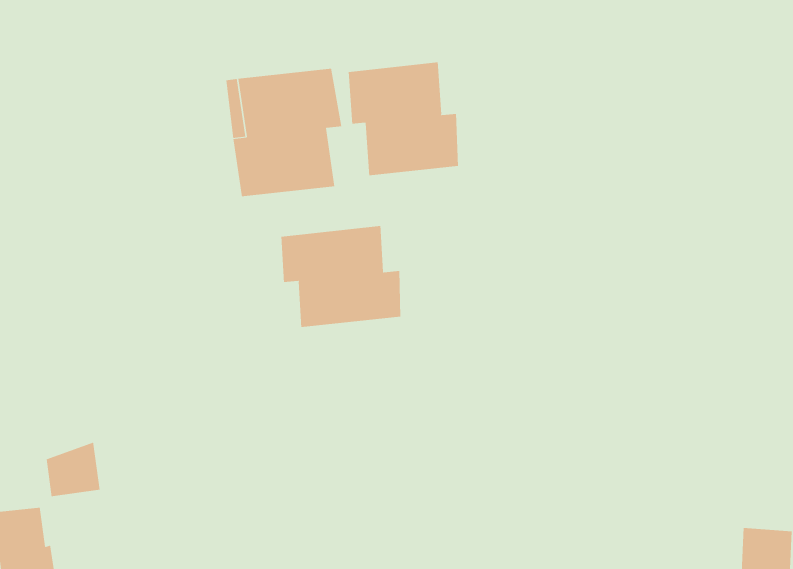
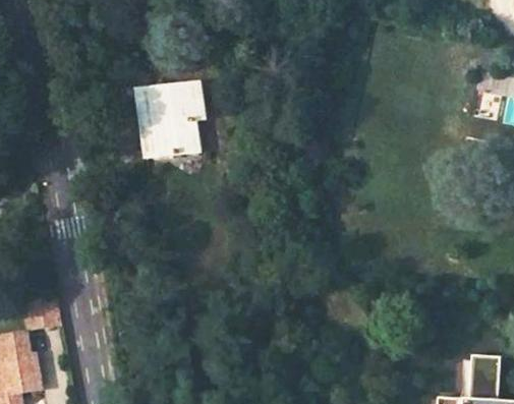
building: [348,62,459,176] -> none
building: [281,225,401,328] -> none

